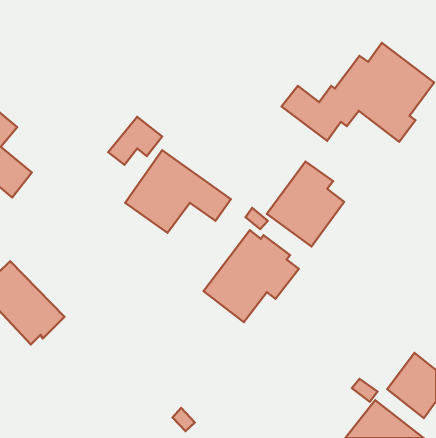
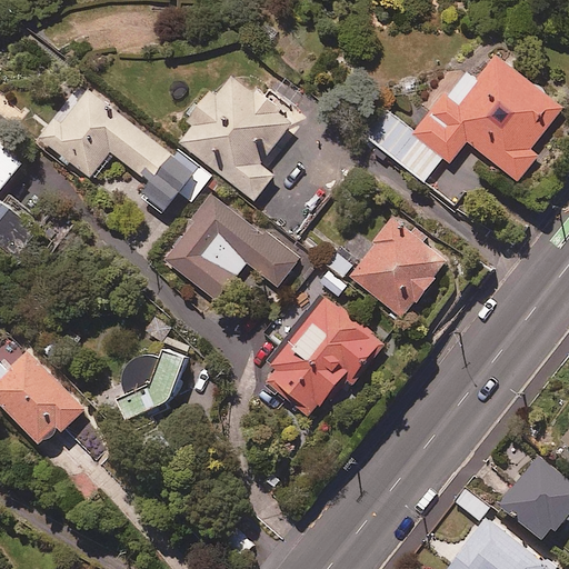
building: none -> [180,73,293,201]
building: none -> [39,88,170,182]
building: none -> [119,350,184,421]

